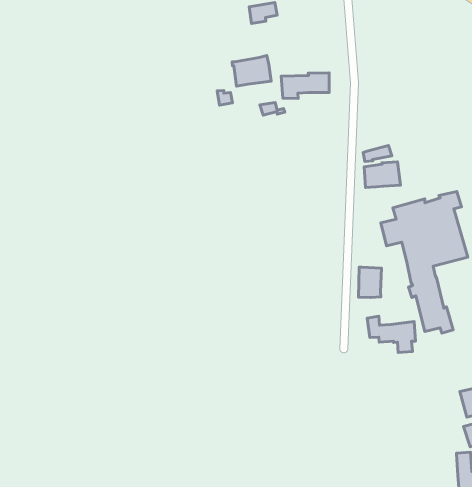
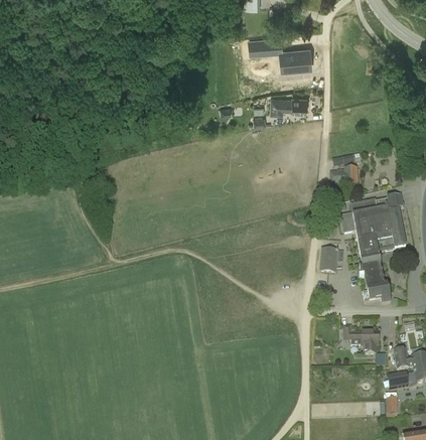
building: [232,56,271,86] -> [281,47,310,69]
building: [367,316,416,353] -> [342,325,379,354]

